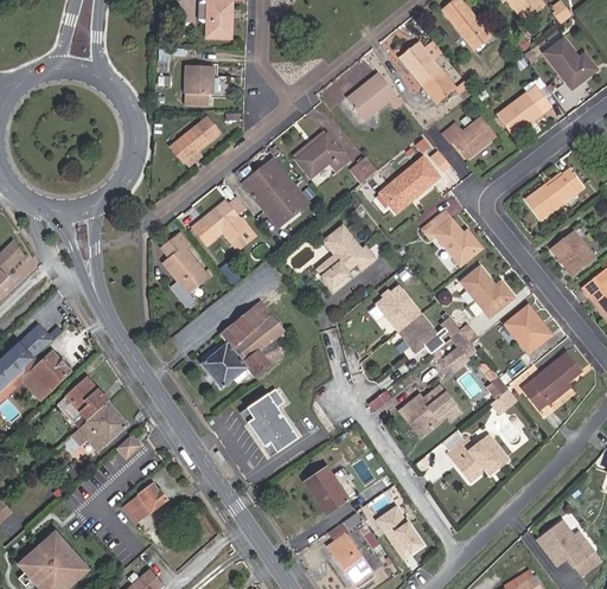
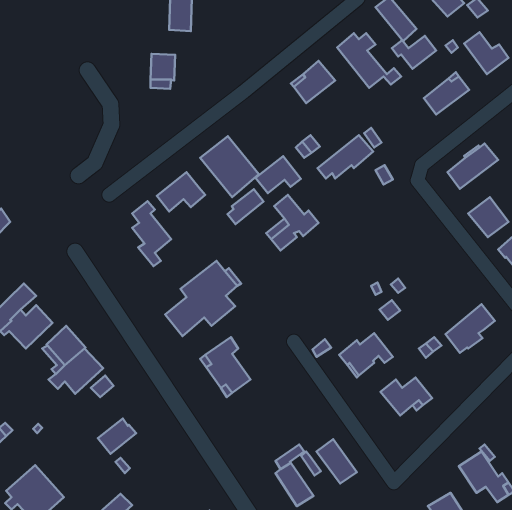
building: [170,116,218,161] -> none
building: [442,119,493,156] -> [392,36,436,69]
building: [295,135,347,178] -> [255,156,301,193]
building: [423,211,481,264] -> none
building: none -> [228,189,264,224]
building: [460,265,515,316] -> none
building: [378,287,437,352] -> none
building: [505,306,552,352] -> none
building: [304,468,347,516] -> none

